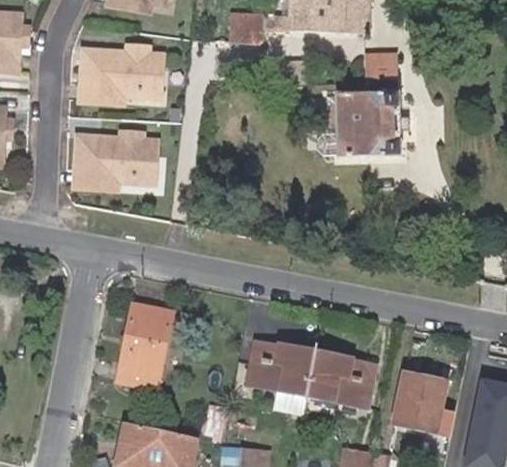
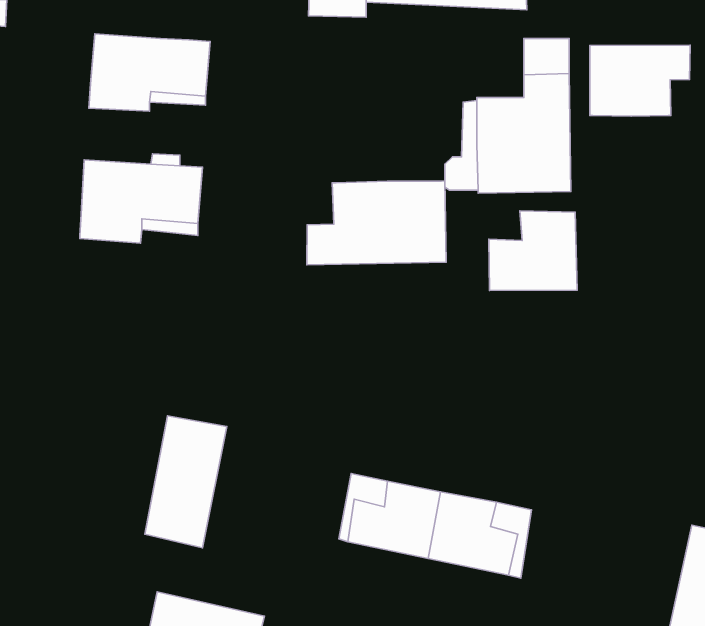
building: none -> [590,45,690,116]
building: none -> [307,181,446,265]
building: none -> [489,211,577,290]
building: [398,373,448,431] -> none

